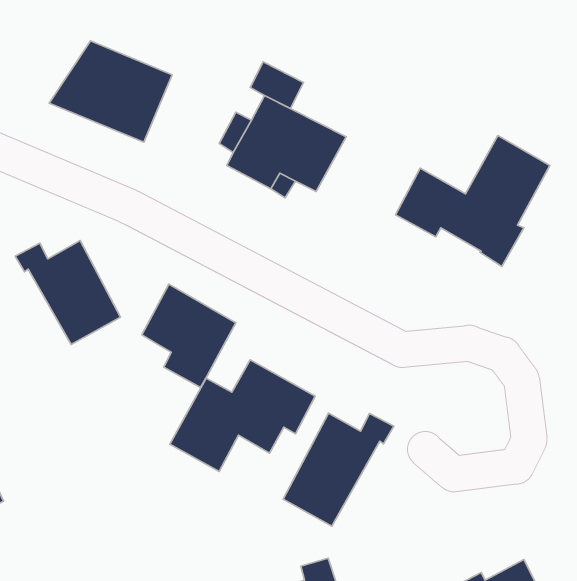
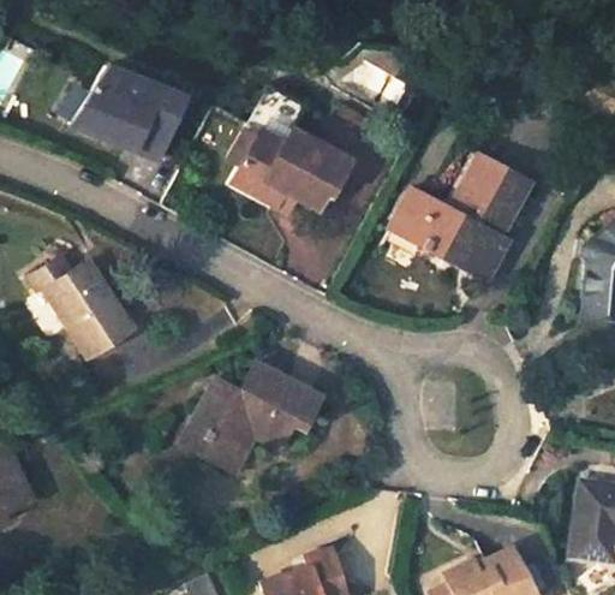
building: [142,284,236,388] -> none
building: [283,413,394,526] -> none

